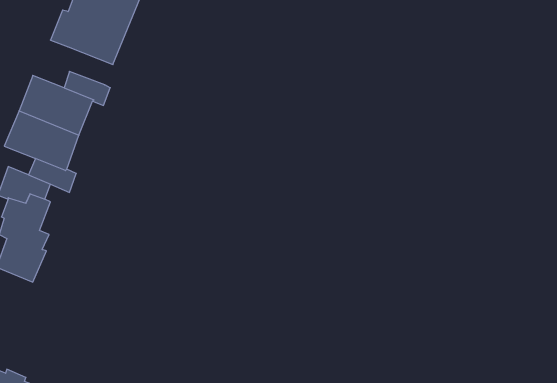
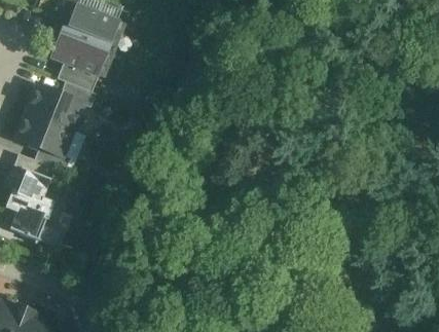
building: none -> [57,63,97,91]

